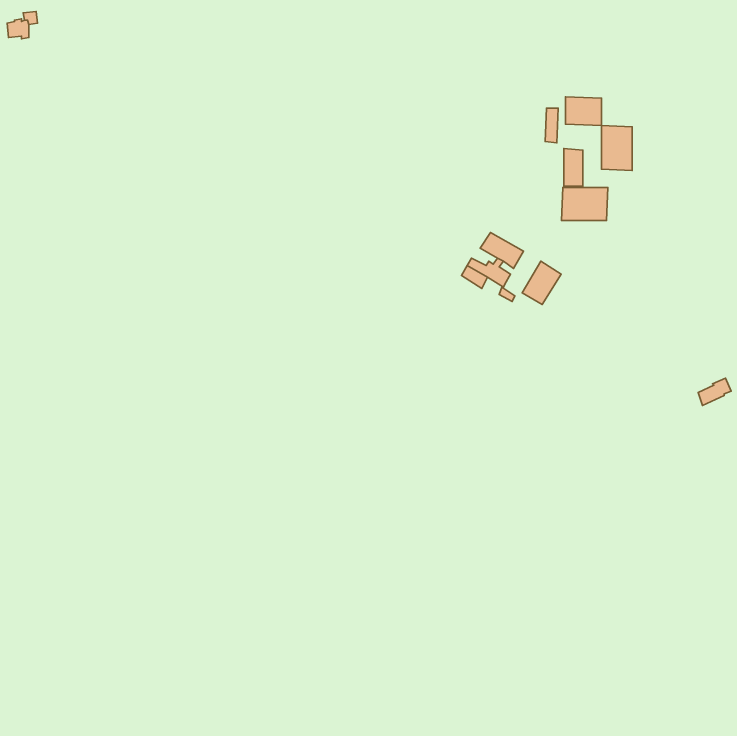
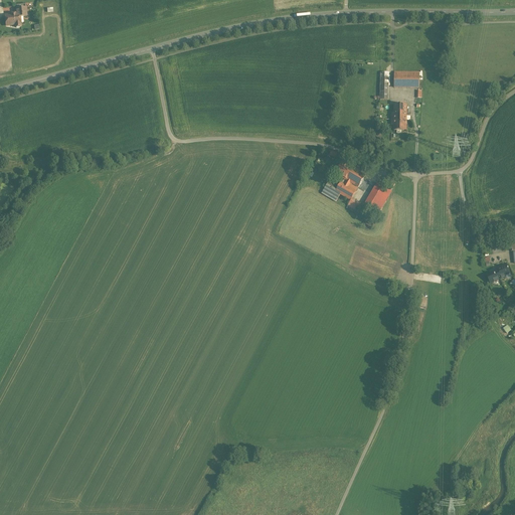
building: [601,126,632,171] -> none
building: [562,188,608,221] -> none

